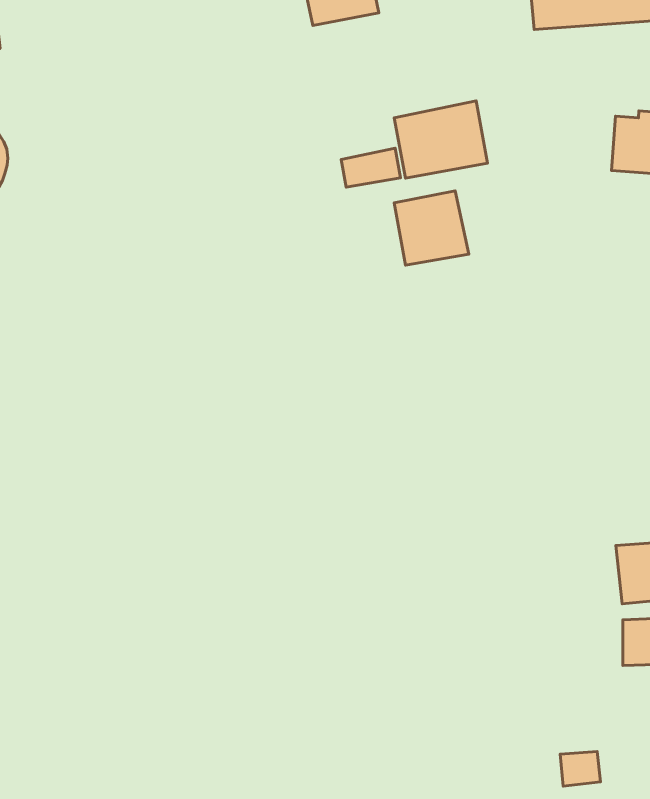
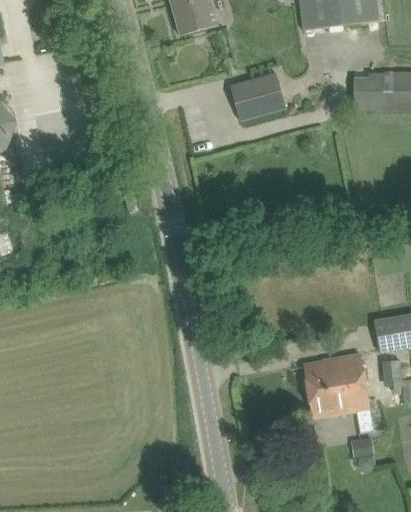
building: [341,148,400,187] -> none
building: [394,191,469,265] -> none
building: none -> [303,354,369,419]

